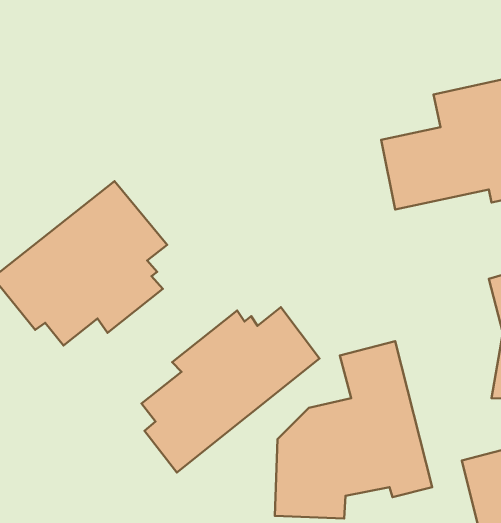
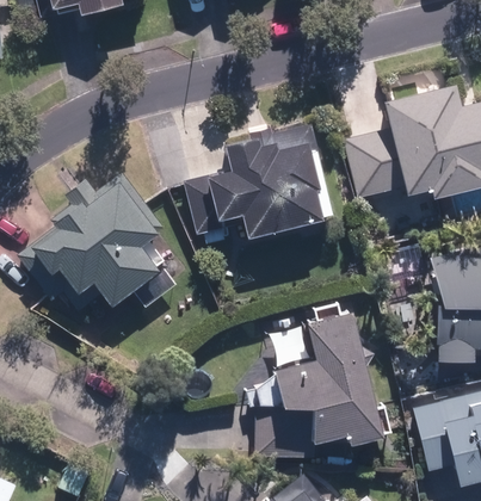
building: none -> [183,124,327,236]
building: [142,307,320,473] -> none

